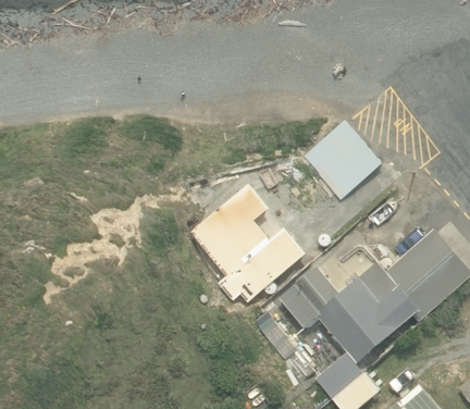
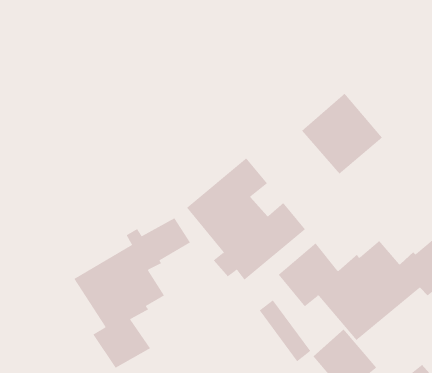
building: none -> [74,217,191,368]

